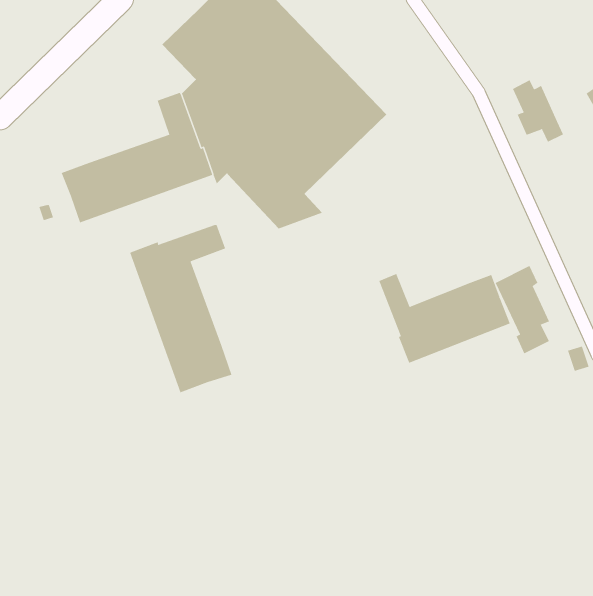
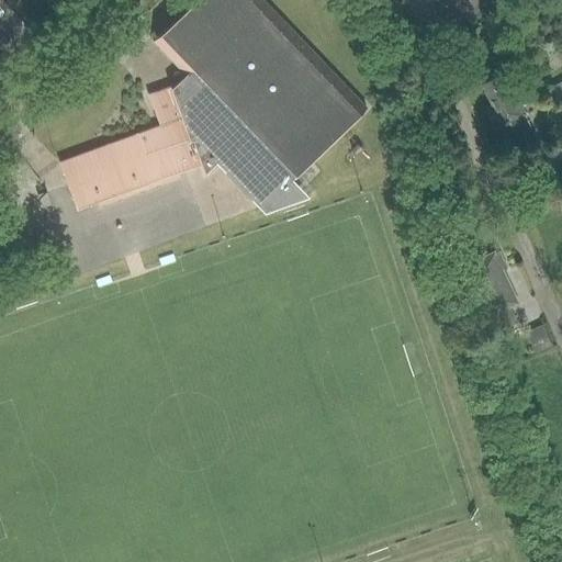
building: [130,224,232,393] -> none
building: [379,273,511,363] -> none

